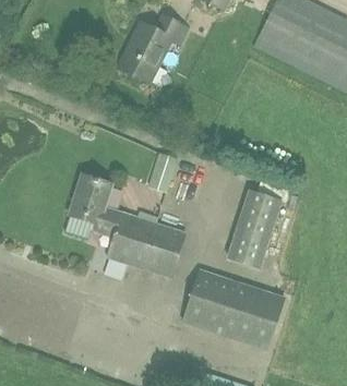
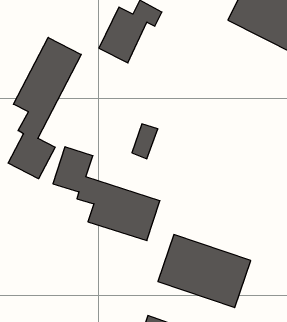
building: none -> [8,37,81,179]
building: [232,180,280,260] -> none

